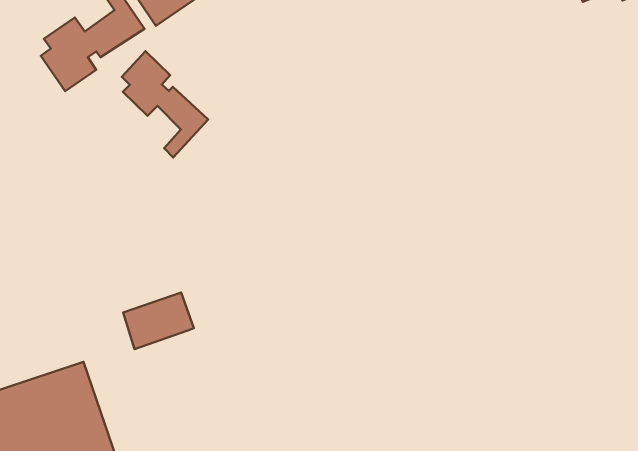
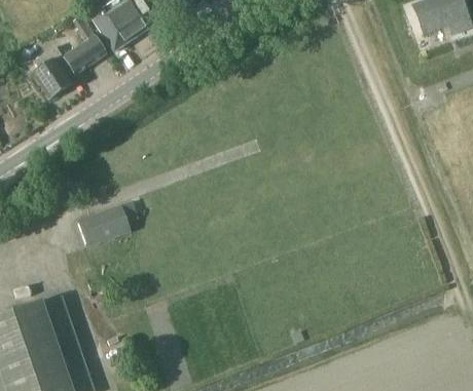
building: [122,51,208,157] -> none
building: [123,293,194,349] -> [78,205,130,246]

